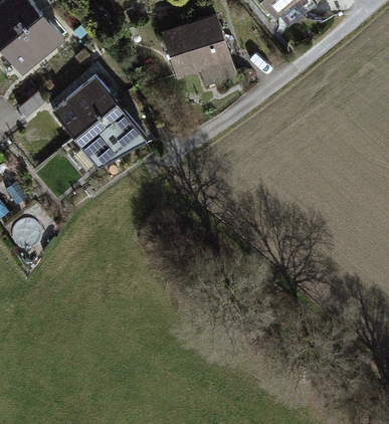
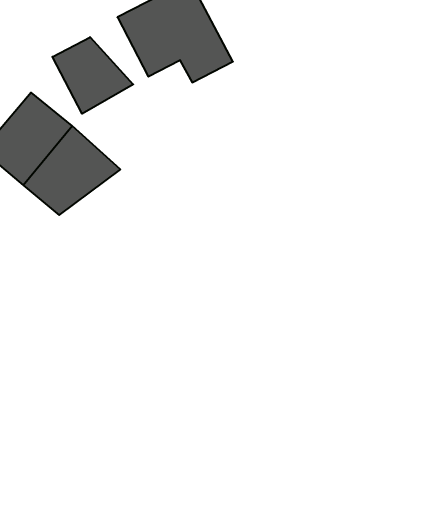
building: none -> [52,37,133,114]

